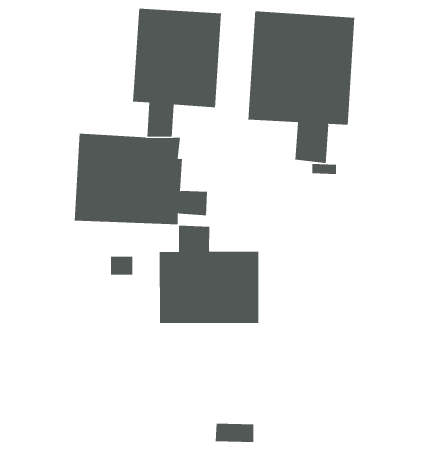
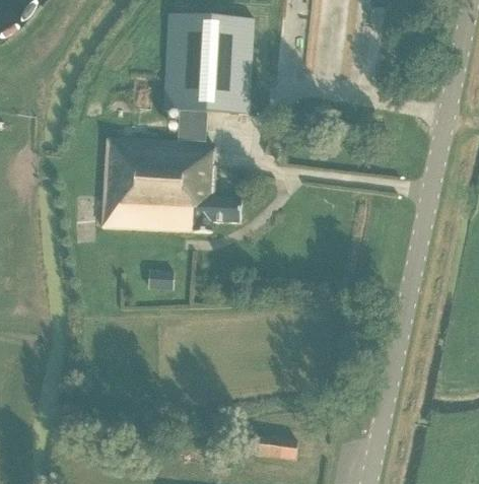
building: [248,10,355,164] -> none
building: [159,225,259,324] -> none

